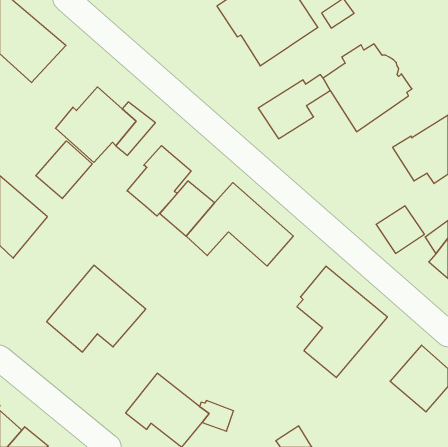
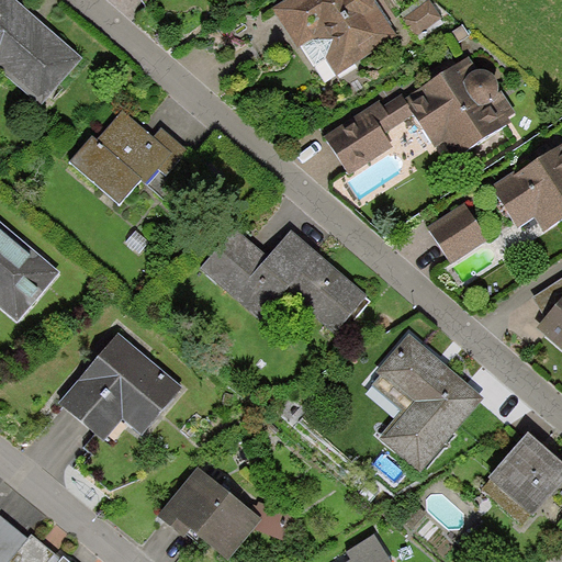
building: [36,141,92,199] -> none
building: [127,146,191,216] -> none
building: [376,206,424,253] -> [427,203,487,262]

